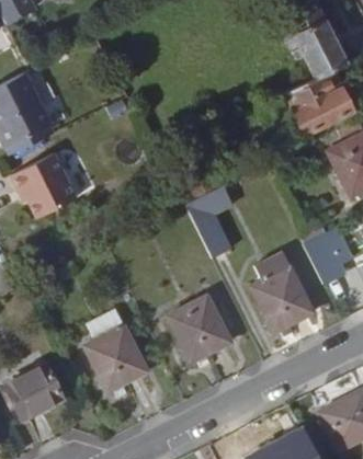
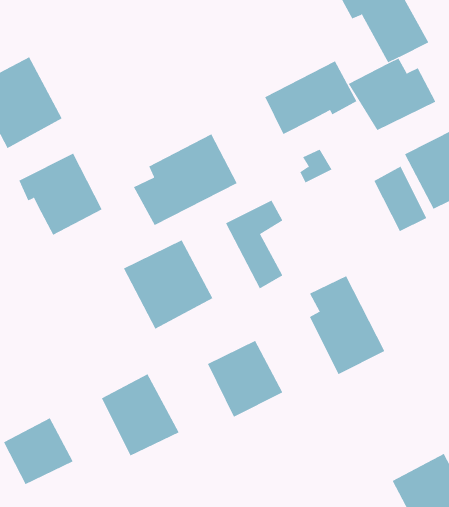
building: none -> [264,60,357,135]
building: none -> [133,134,237,226]
building: none -> [123,239,213,329]
building: [305,229,348,282] -> [373,166,427,232]

